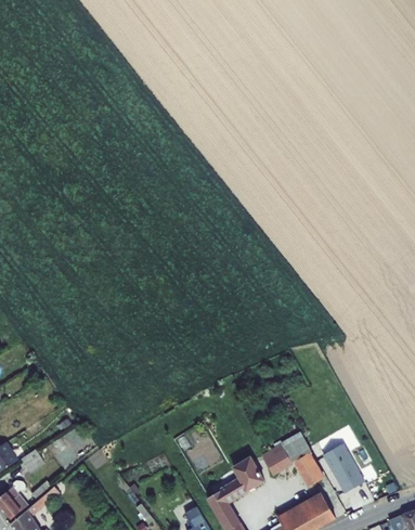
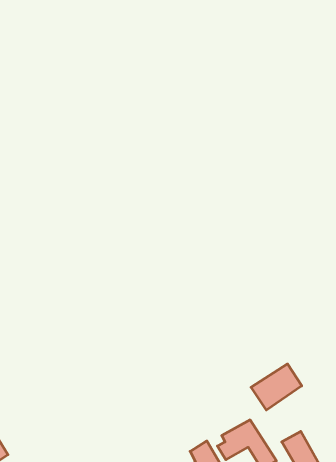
building: none -> [251,364,302,410]

